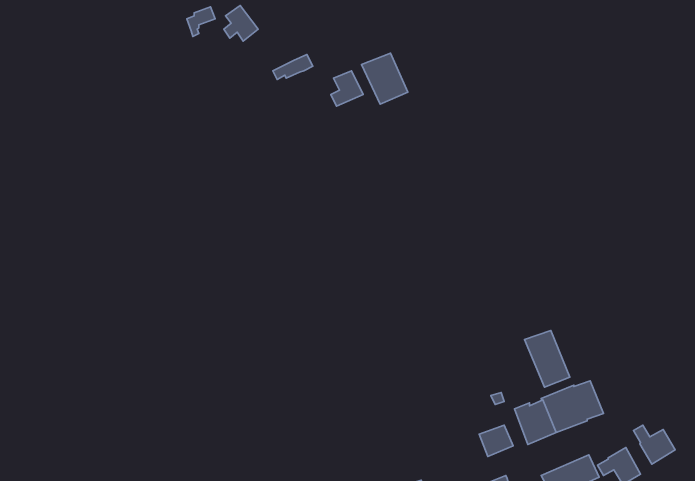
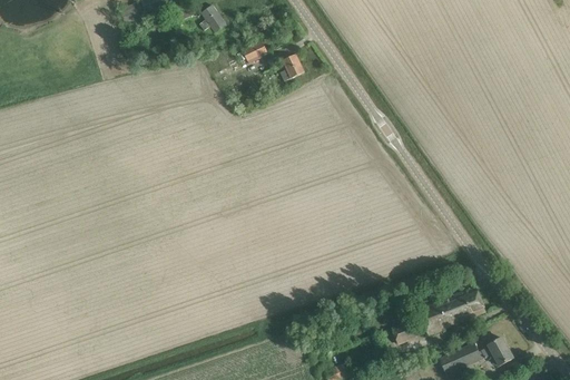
building: [362,53,408,104] -> none
building: [524,331,570,387] -> none
building: [634,425,675,464] -> none

